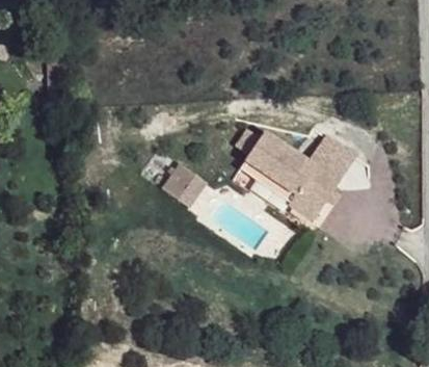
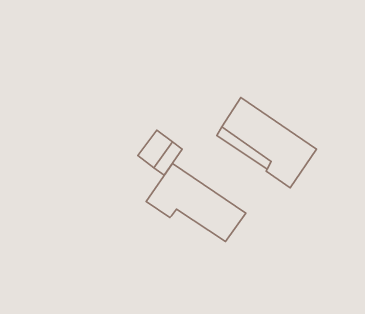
building: [314,139,356,181] -> none
building: none -> [146,163,246,241]

